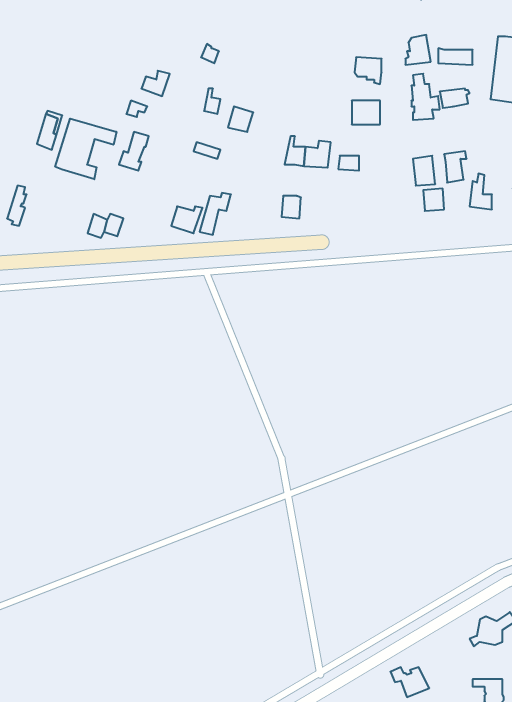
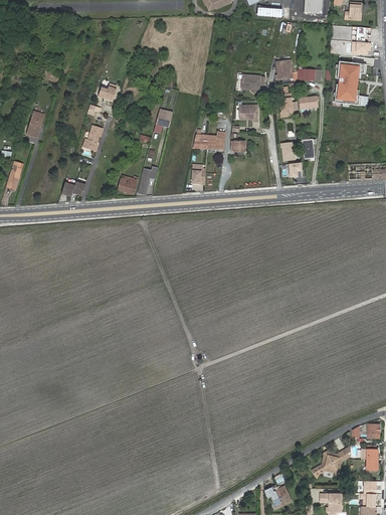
building: [55,119,116,179] -> none

